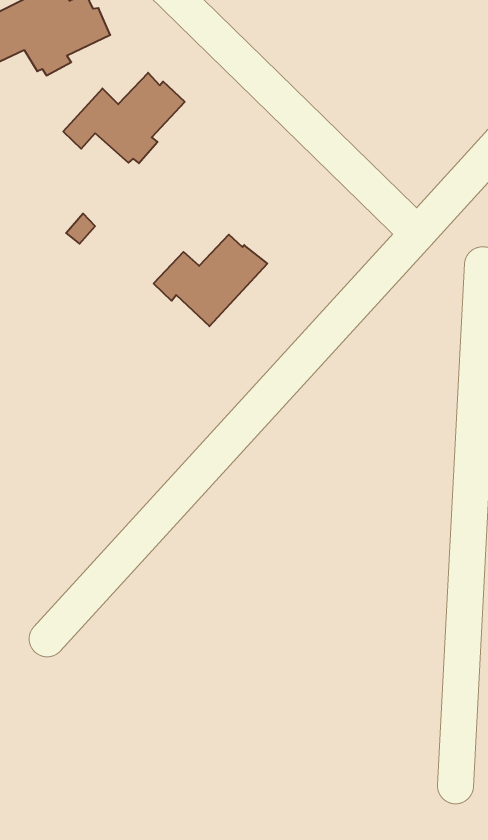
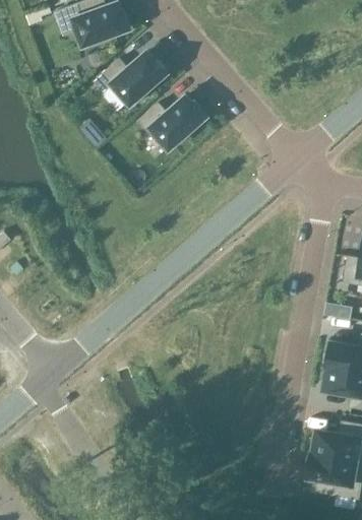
building: [154,235,267,326] -> [139,96,206,148]

